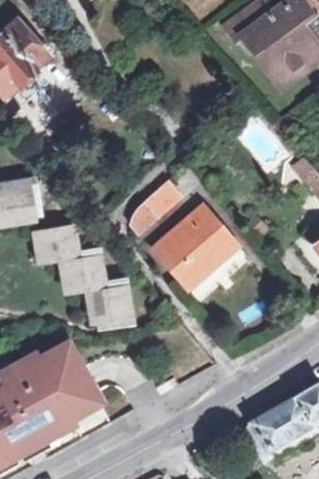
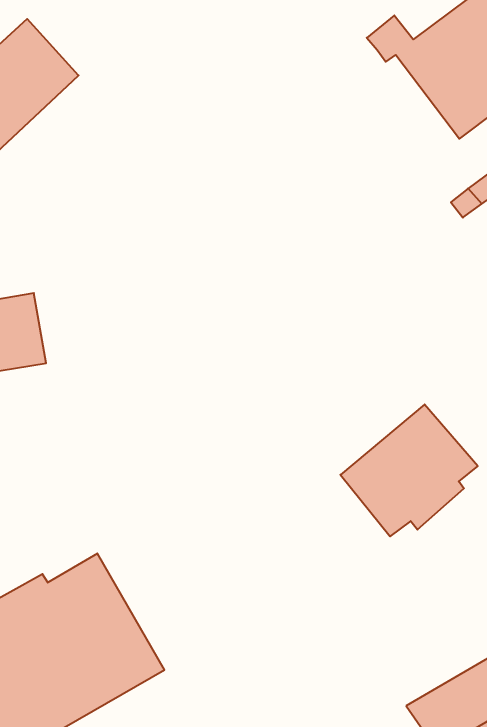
building: [135,181,184,230] -> none
building: [154,204,236,283] -> [340,404,478,536]
building: [30,223,130,324] -> none

